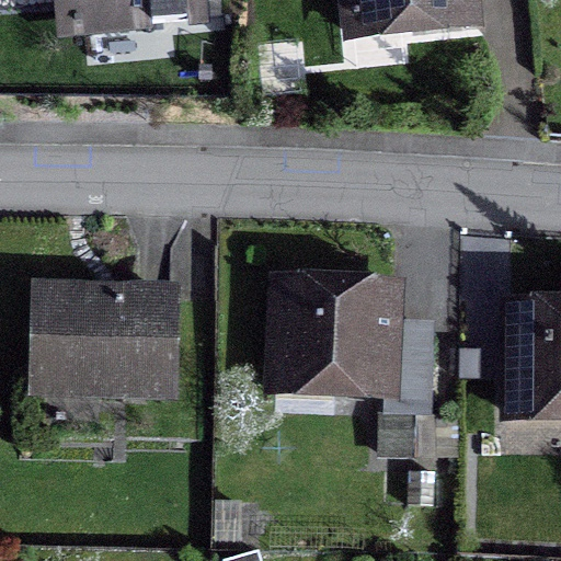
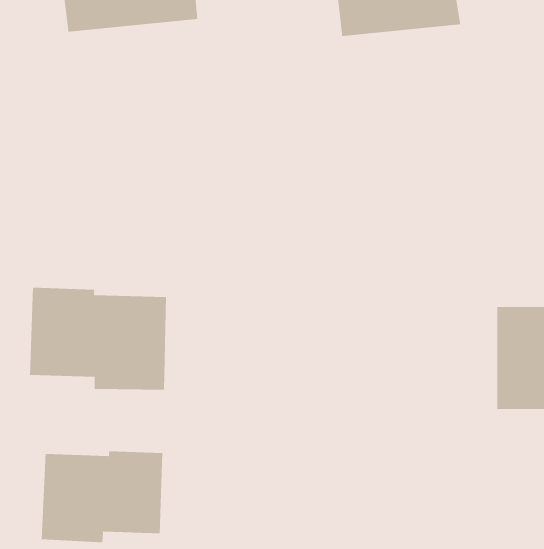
building: [278,287,433,458] -> none
building: none -> [41,451,163,543]

